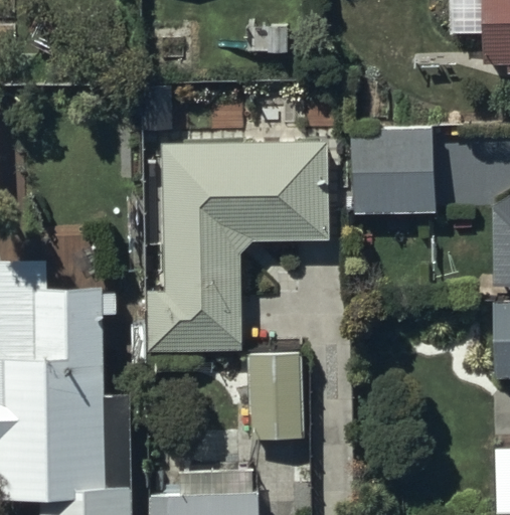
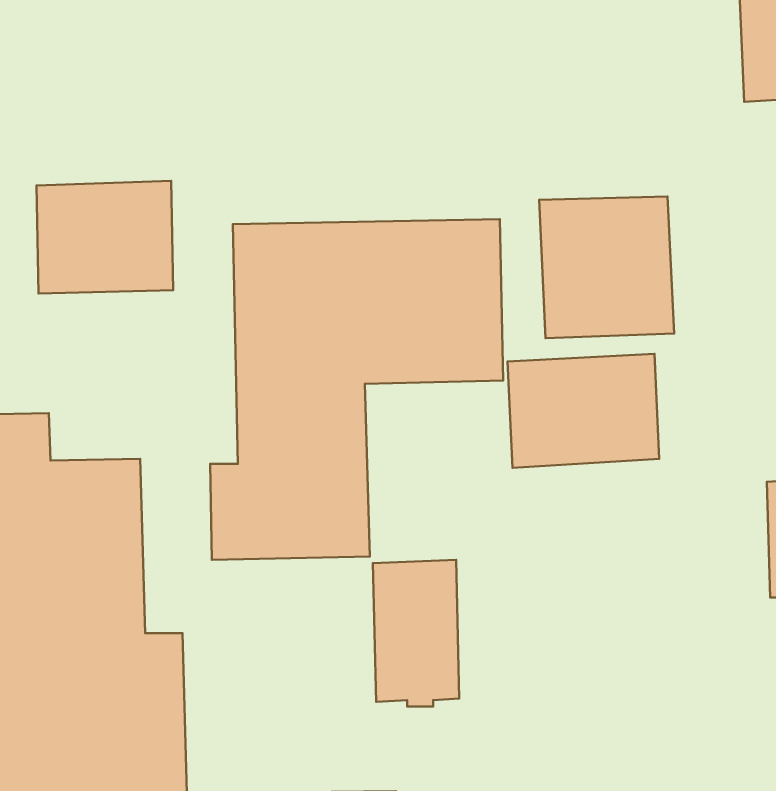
building: none -> [36,181,173,293]
building: none -> [507,354,659,468]

